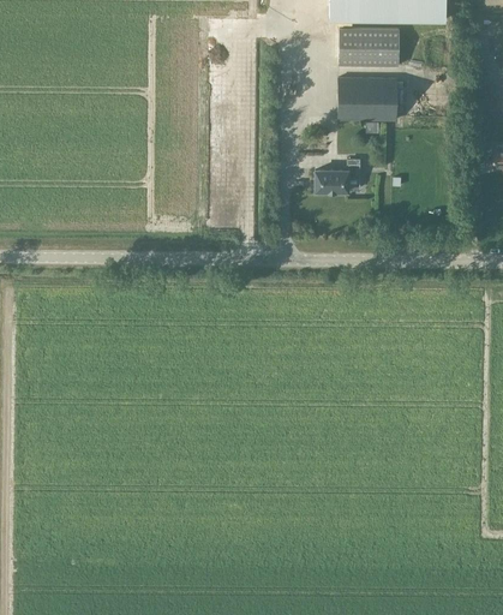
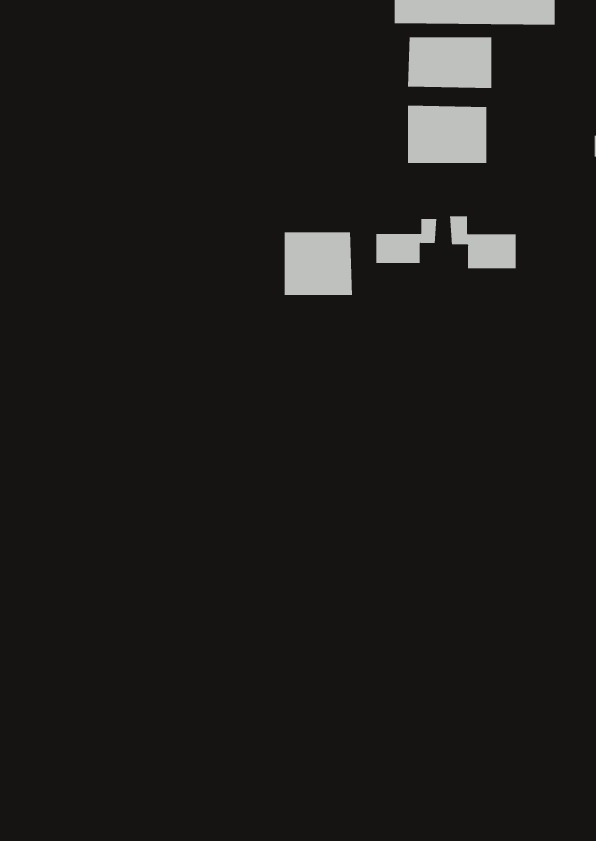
building: none -> [450,215,516,269]
building: none -> [284,232,353,296]

